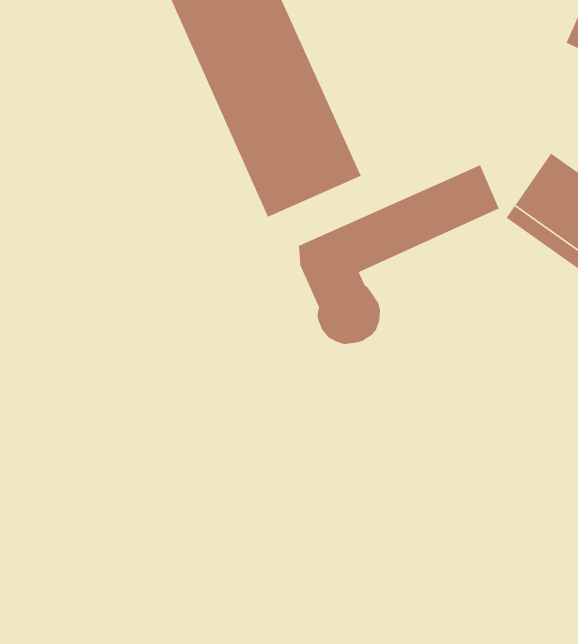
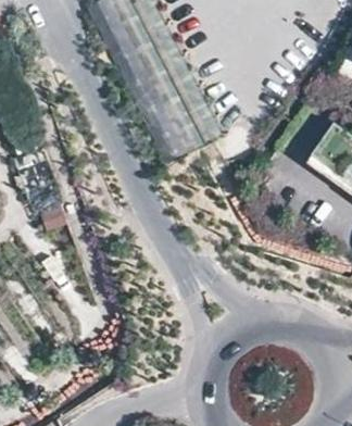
building: [298,164,500,345] -> none

